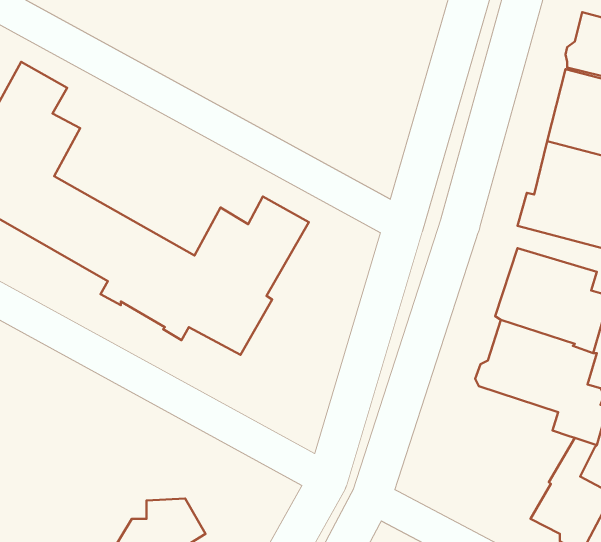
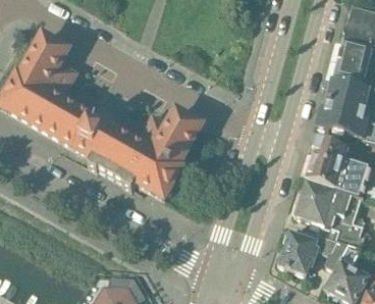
building: none -> [277,226,347,274]

